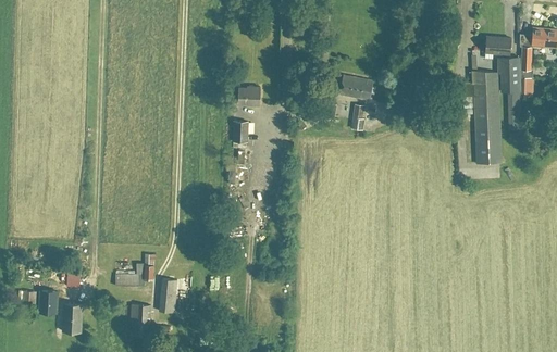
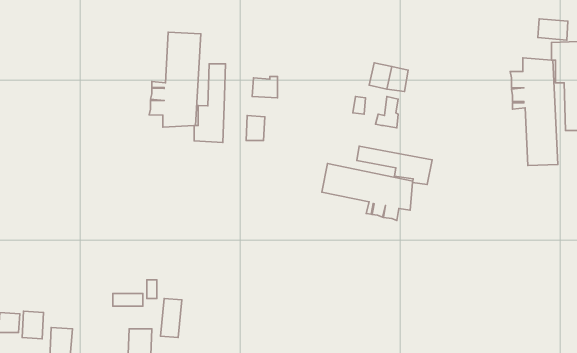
building: none -> [149,32,225,143]
building: none -> [322,146,432,221]

